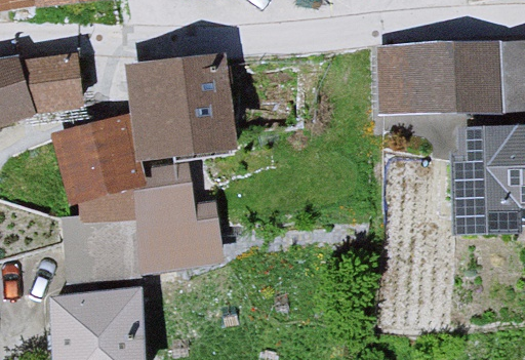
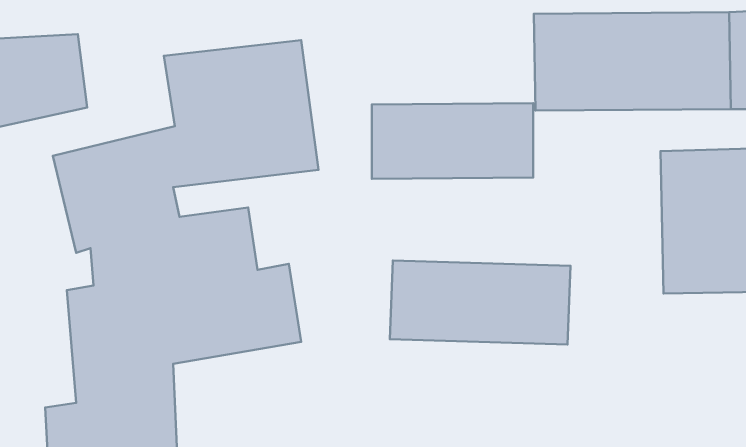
building: none -> [372,103,533,179]
building: none -> [390,260,571,345]

